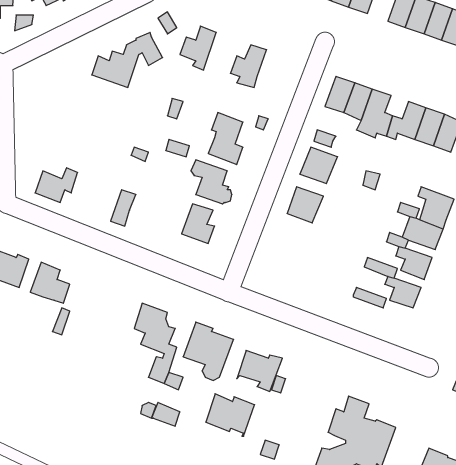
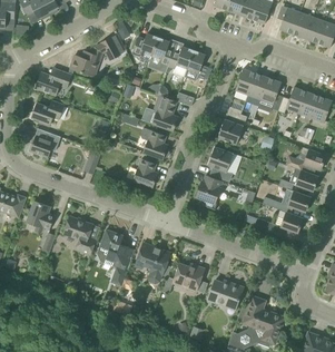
building: none -> [149,37,173,69]
building: none -> [185,49,208,80]
building: none -> [36,67,71,95]
building: none -> [31,99,65,125]
building: none -> [196,174,223,208]
building: none -> [63,215,96,254]
building: [206,394,255,436] -> [208,278,243,309]

